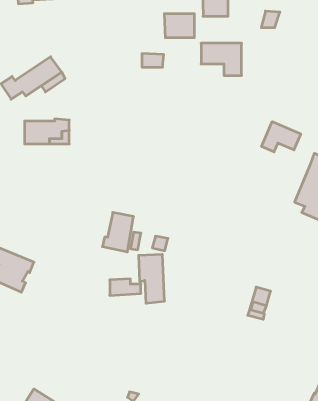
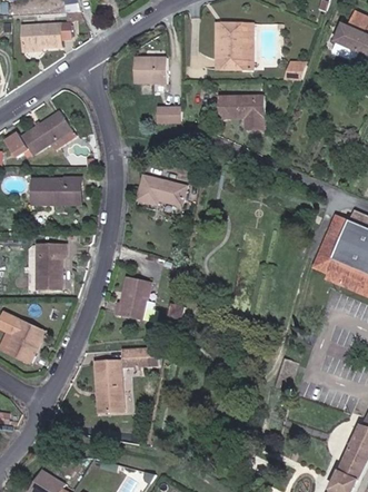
building: [164,14,194,38] -> [133,57,166,82]
building: none -> [135,175,183,207]
building: [262,122,301,152] -> none
building: none -> [34,246,63,288]
building: [139,254,165,303] -> [93,361,121,413]

